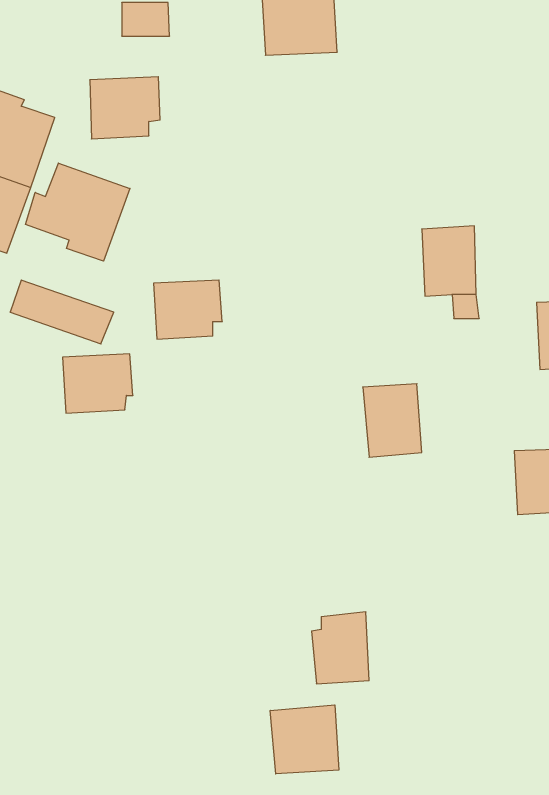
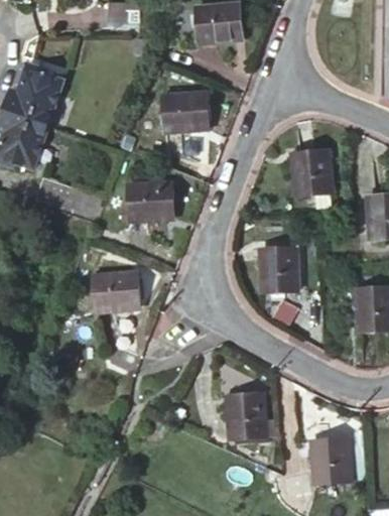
building: [90,77,160,139] -> [162,92,207,131]
building: [26,163,130,261] -> none
building: [63,354,133,413] -> [92,273,136,310]
building: none -> [312,435,349,479]
building: [270,705,339,774] -> none

